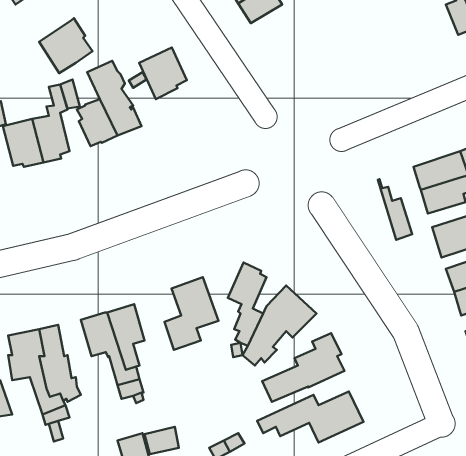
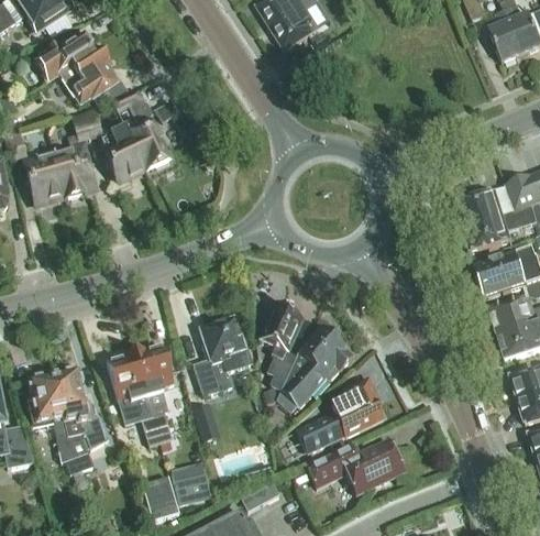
building: none -> [34,31,96,78]
building: [139,48,187,99] -> none
building: [378,179,412,240] -> none

